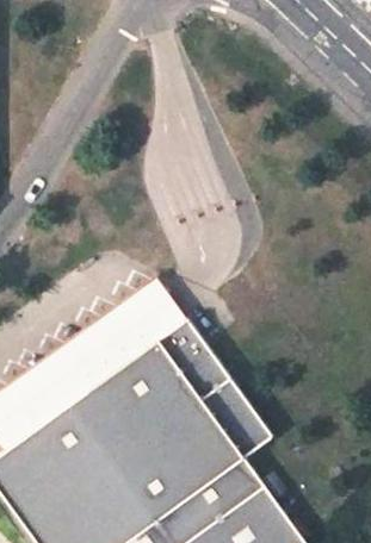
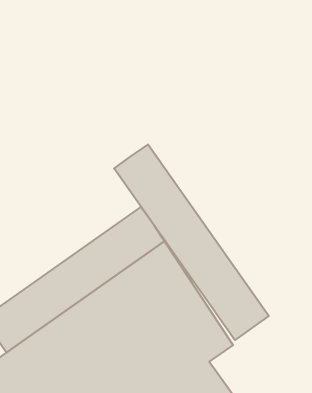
building: none -> [114,144,269,340]

